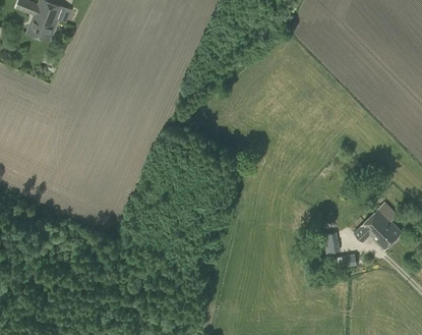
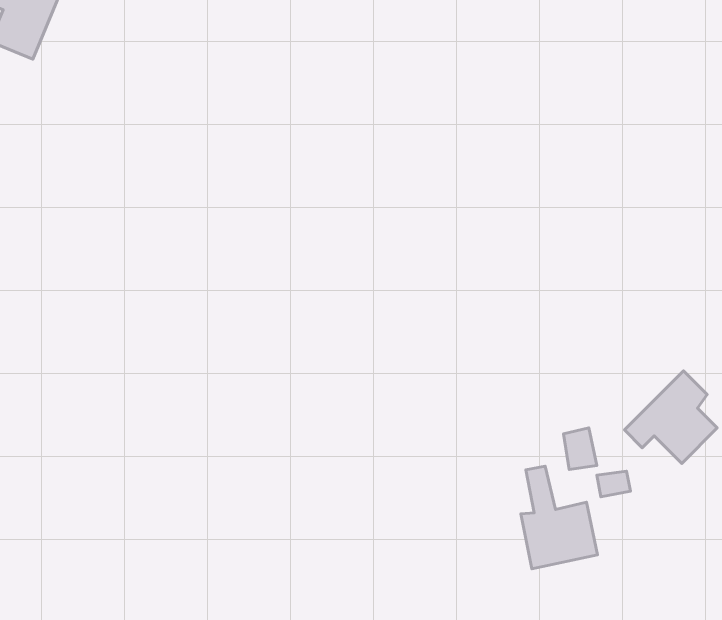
building: none -> [521,466,598,569]

